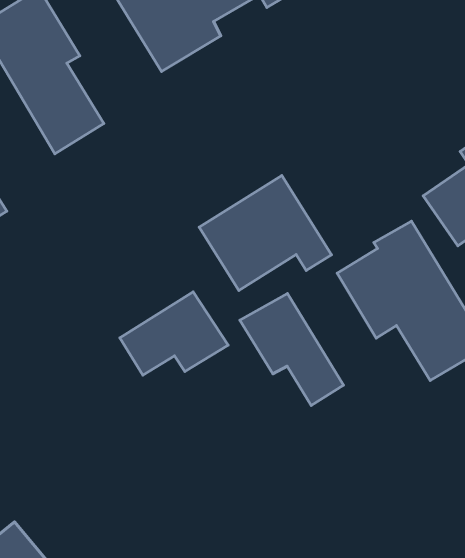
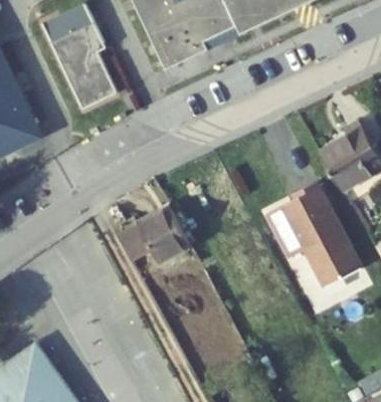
building: [199,175,332,291] -> none
building: [240,293,343,405] -> none

